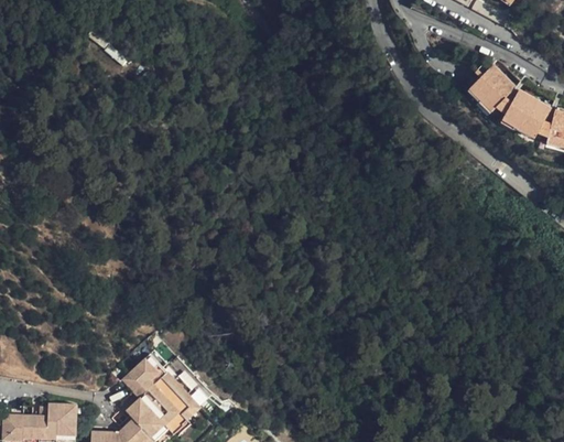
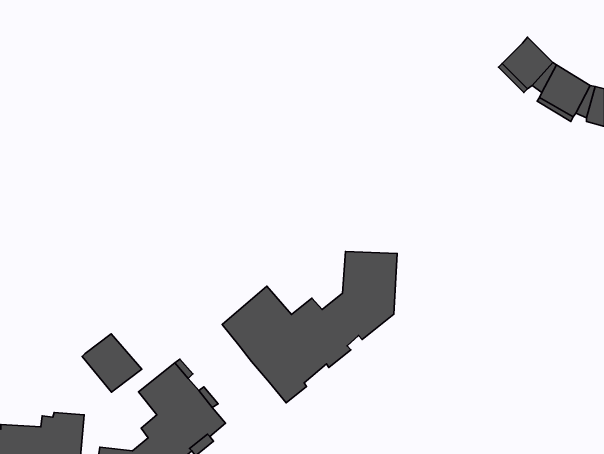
building: none -> [222,251,397,403]
building: none -> [82,334,142,392]

